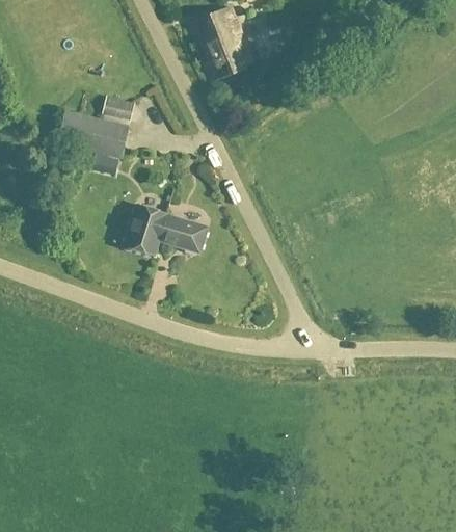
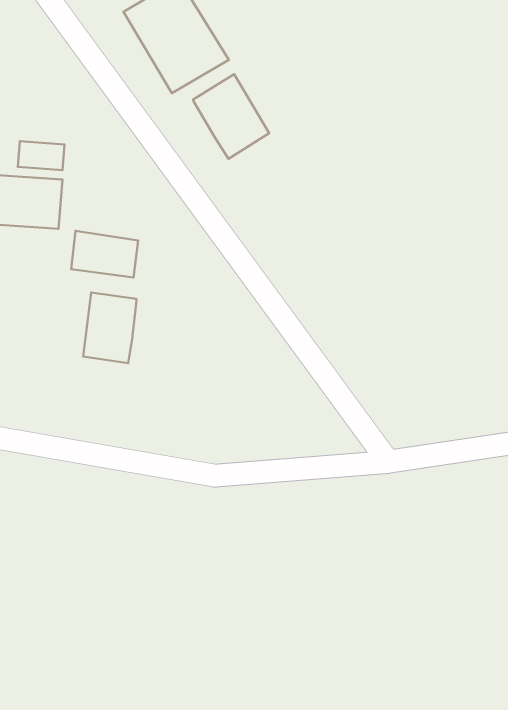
building: none -> [193,74,269,159]
building: [159,214,207,251] -> [71,231,138,277]

